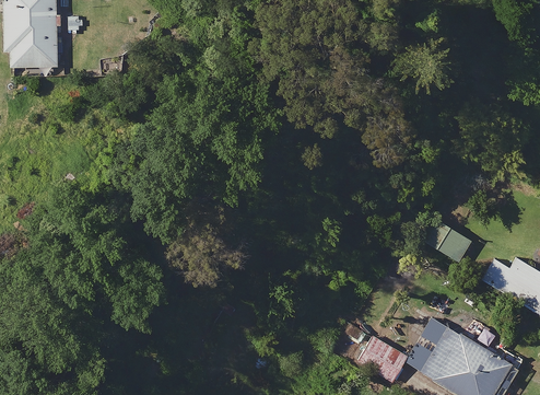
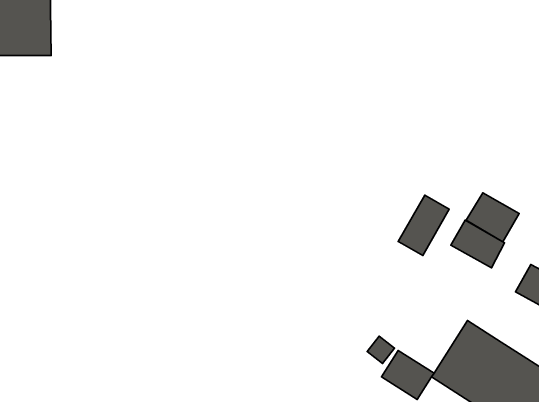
building: none -> [466,193,519,242]
building: none -> [398,195,449,255]

